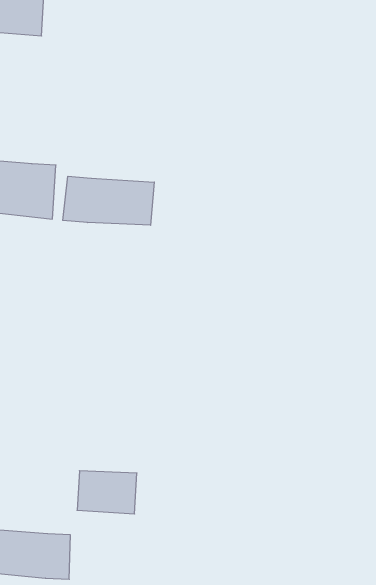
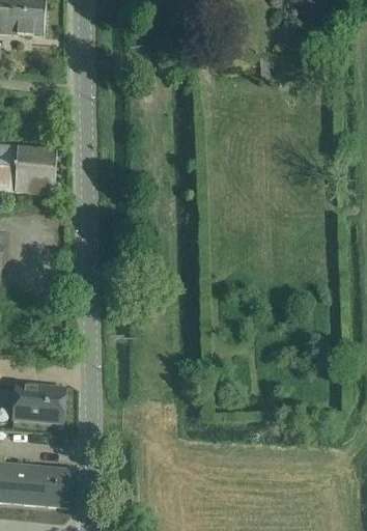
building: [63,176,154,225] -> none
building: [77,471,137,514] -> [12,385,64,422]

